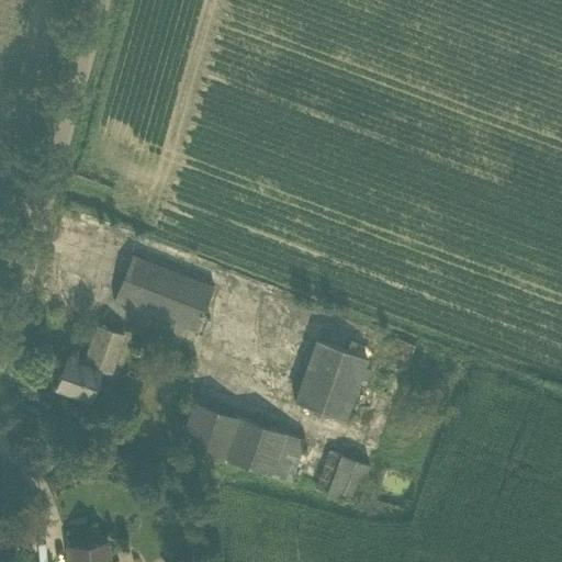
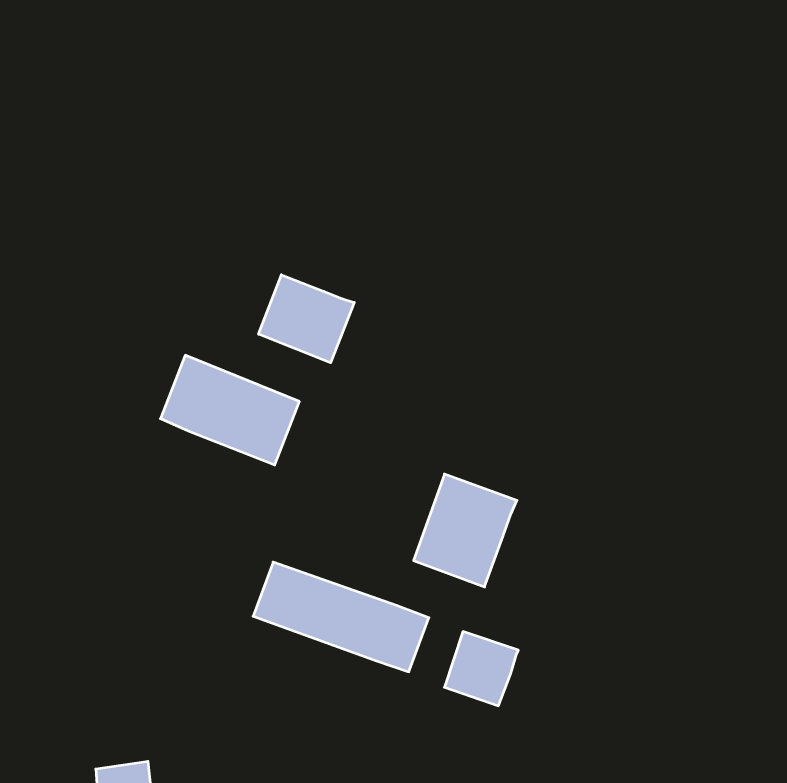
building: none -> [259,275,354,363]
building: [57,327,124,402] -> none

